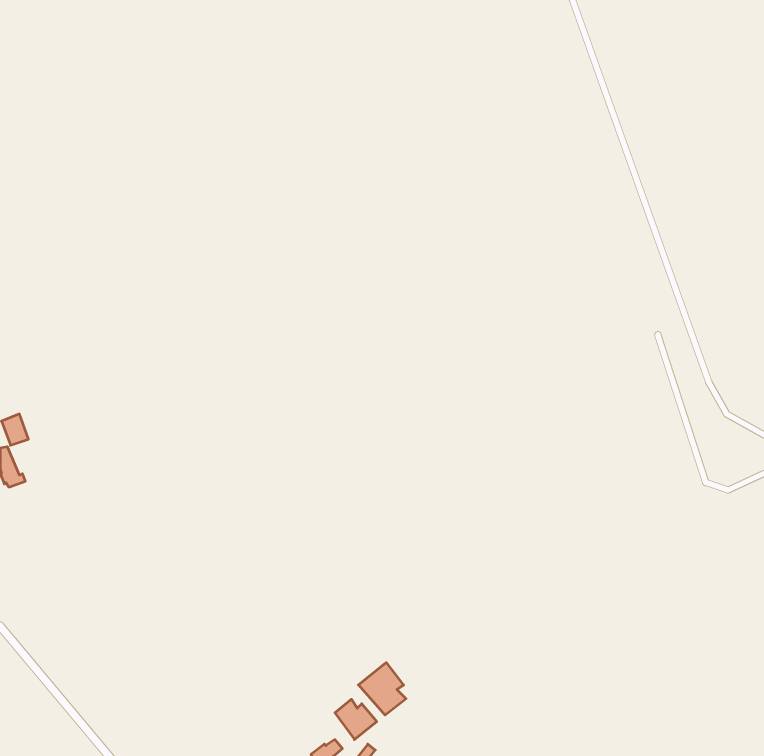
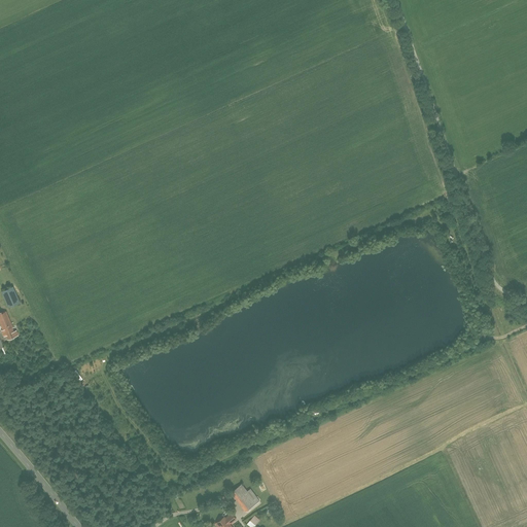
building: [358,663,406,715] -> none

